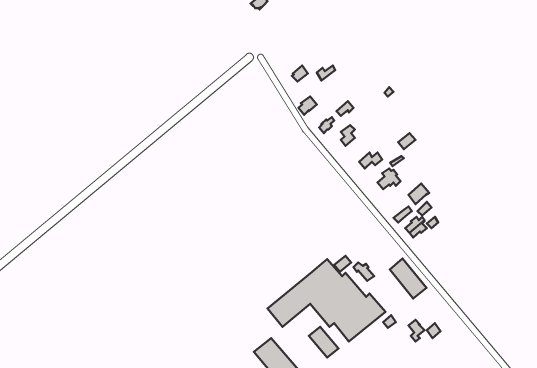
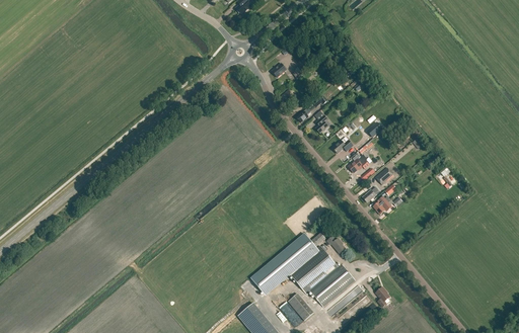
building: [390,259,427,299] -> none

